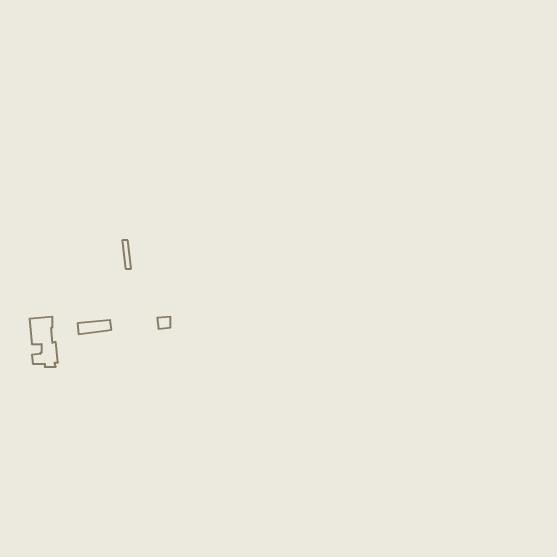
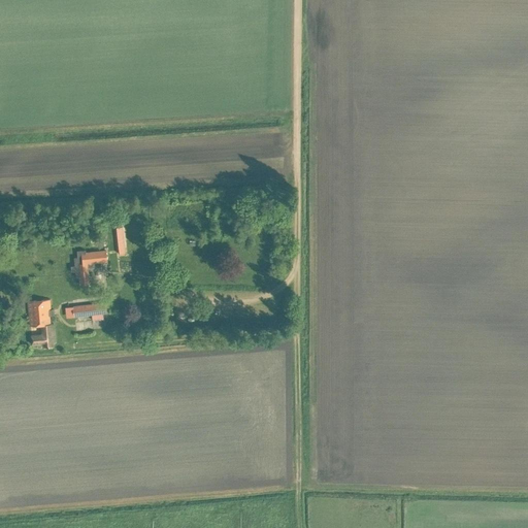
building: none -> [74,250,111,284]

